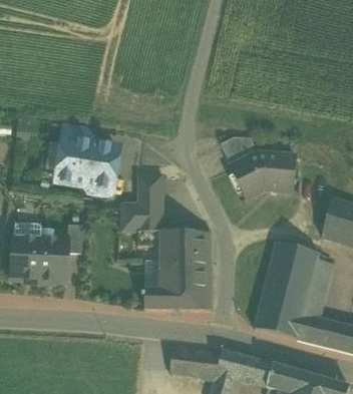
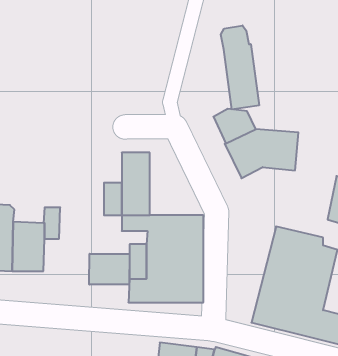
building: none -> [221,25,259,109]
building: [56,137,118,189] -> none
building: none -> [89,254,130,285]

